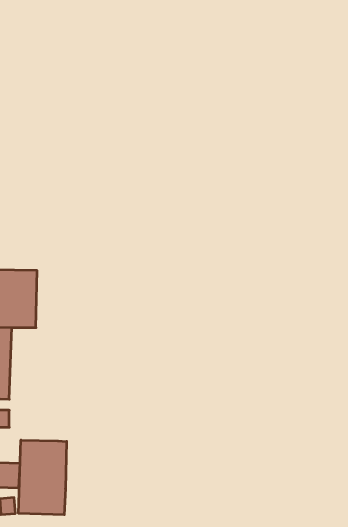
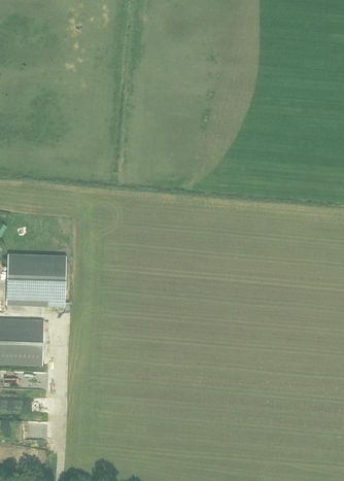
building: [19,440,67,515] -> none

